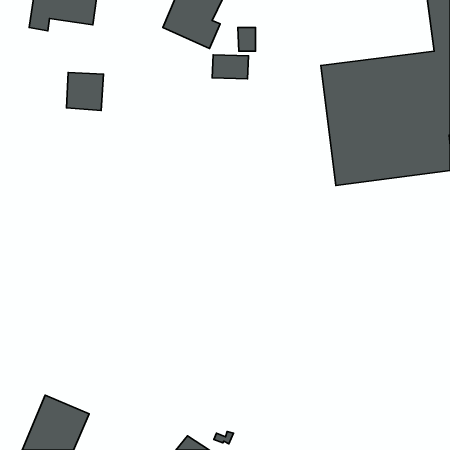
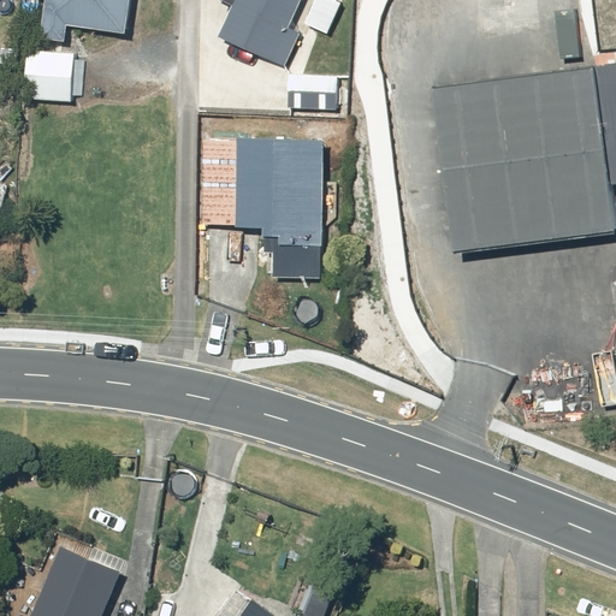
building: [67,73,104,111] -> [24,49,75,101]
building: none -> [203,138,325,278]

